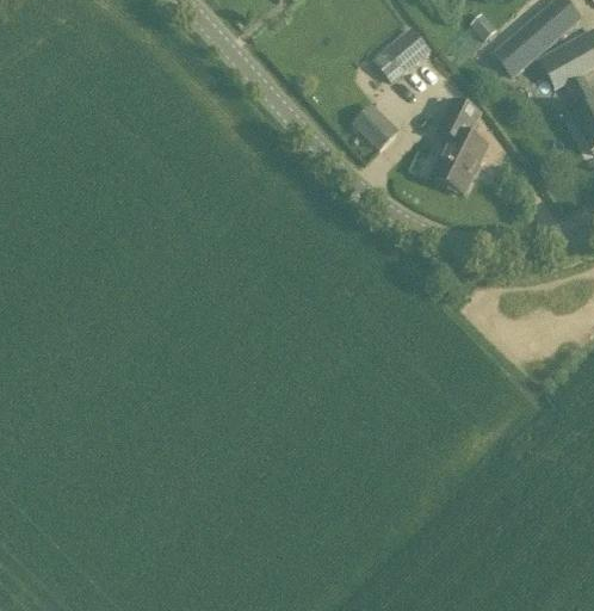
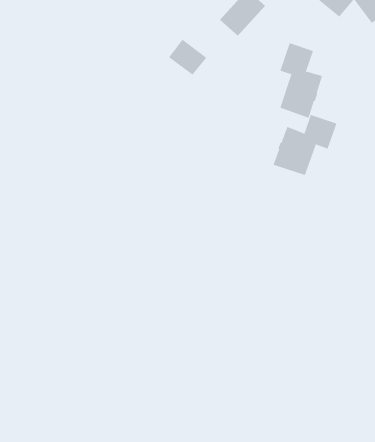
building: [351,103,398,149] -> [168,39,207,75]
building: none -> [273,114,337,176]

